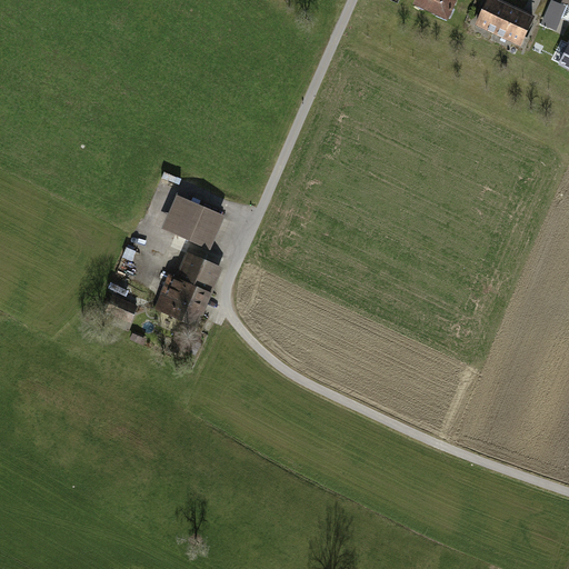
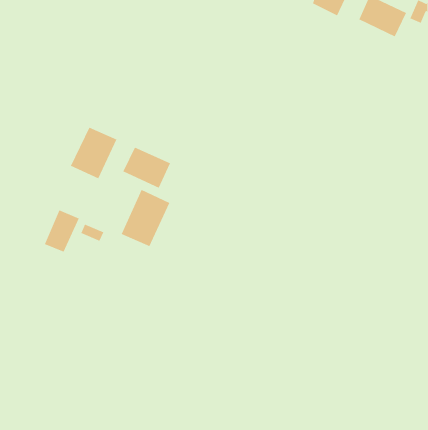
building: none -> [70,127,117,179]
building: none -> [44,209,80,253]

